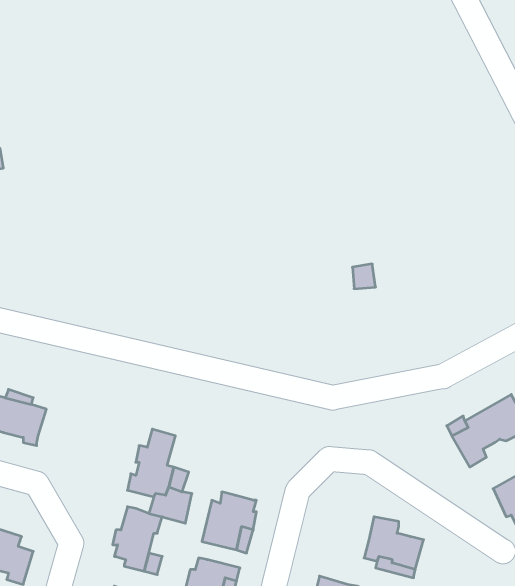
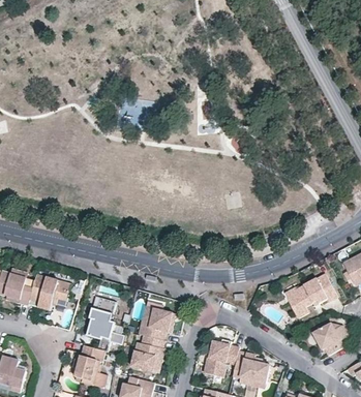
building: none -> [28,276,68,311]
building: none -> [139,308,175,340]
building: none -> [205,341,240,377]

